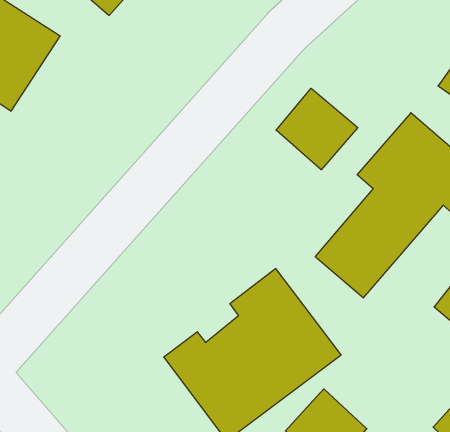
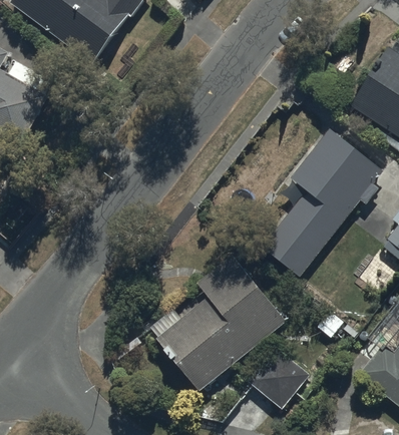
building: [276,88,358,170] -> none

